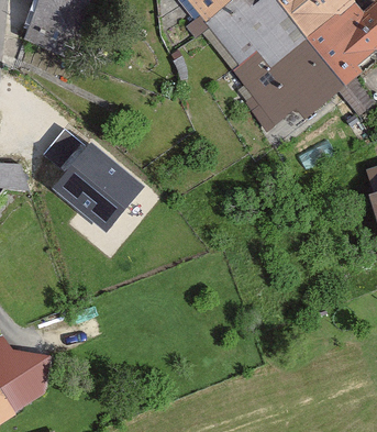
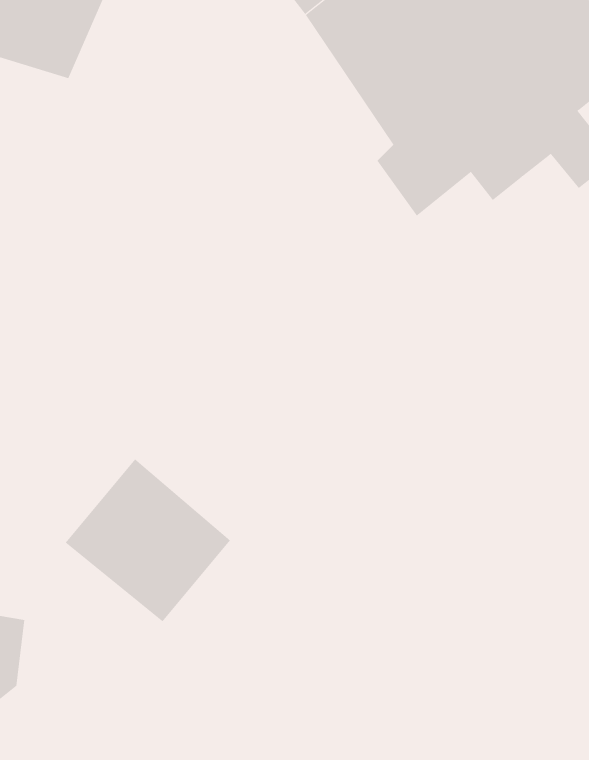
building: [45,139,136,229] -> [65,459,231,622]

